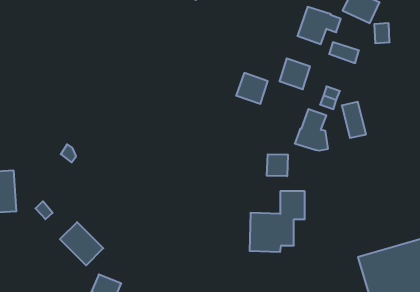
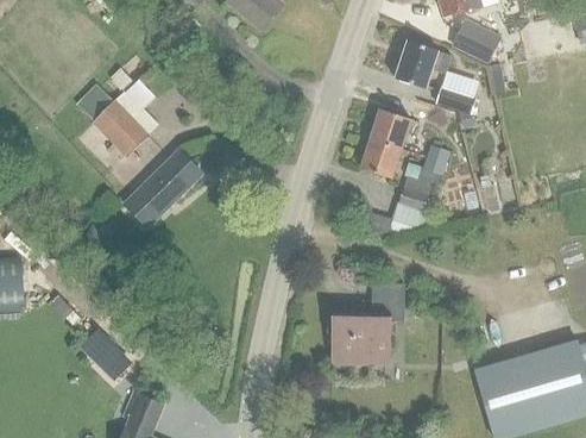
building: none -> [78,83,159,157]
building: [236,73,268,104] -> [360,138,402,179]
building: none -> [124,150,202,227]
building: [267,154,288,176] -> none

